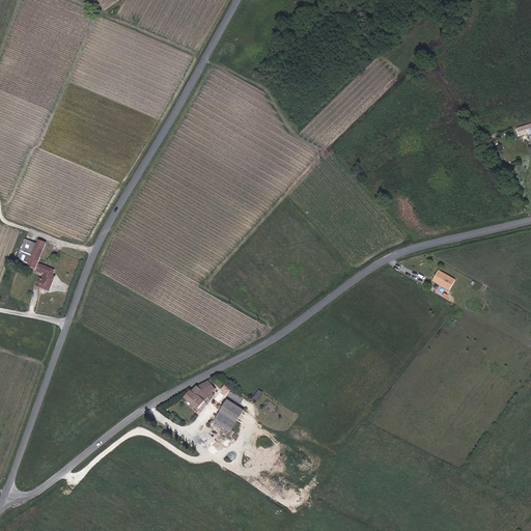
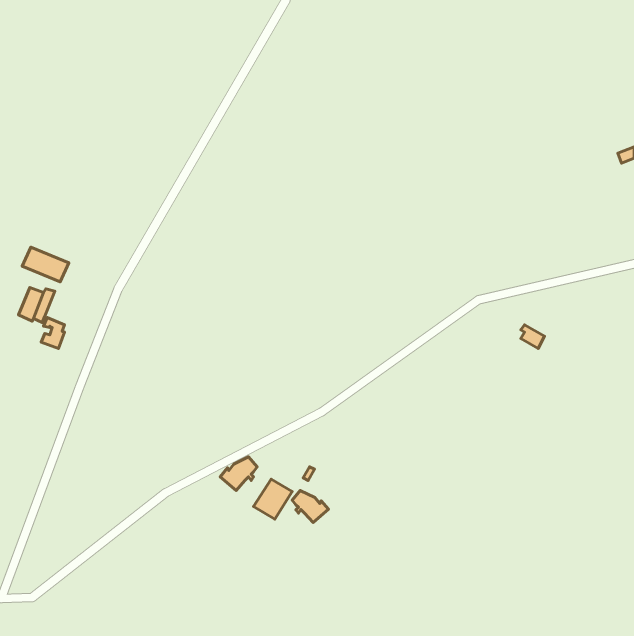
building: none -> [22,247,69,282]
building: none -> [292,490,329,523]

